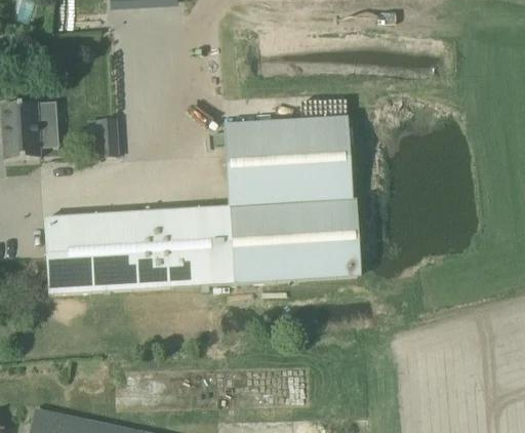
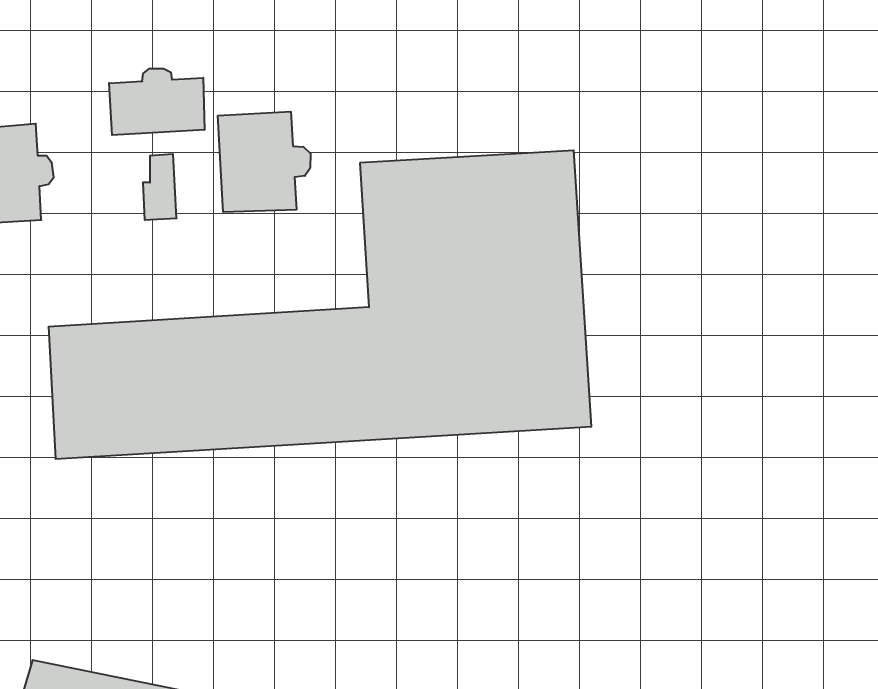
building: none -> [109,69,204,135]
building: none -> [218,112,311,212]

